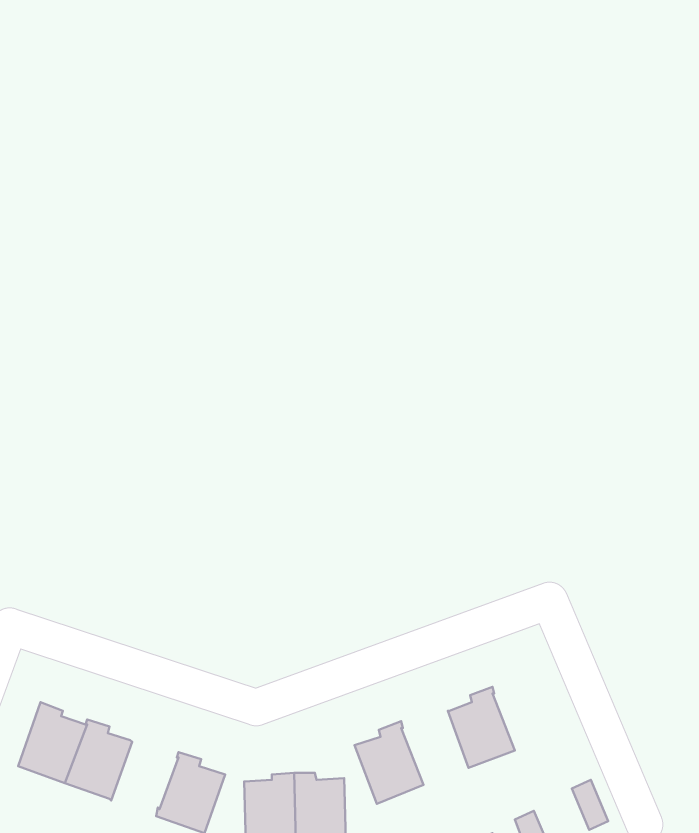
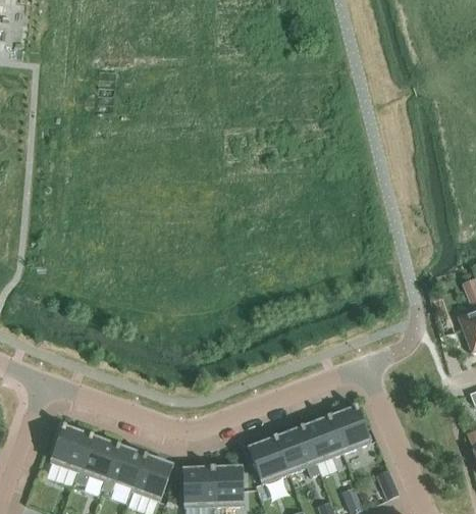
building: none -> [330,404,371,452]
building: none -> [276,424,316,472]
building: none -> [102,443,145,492]

